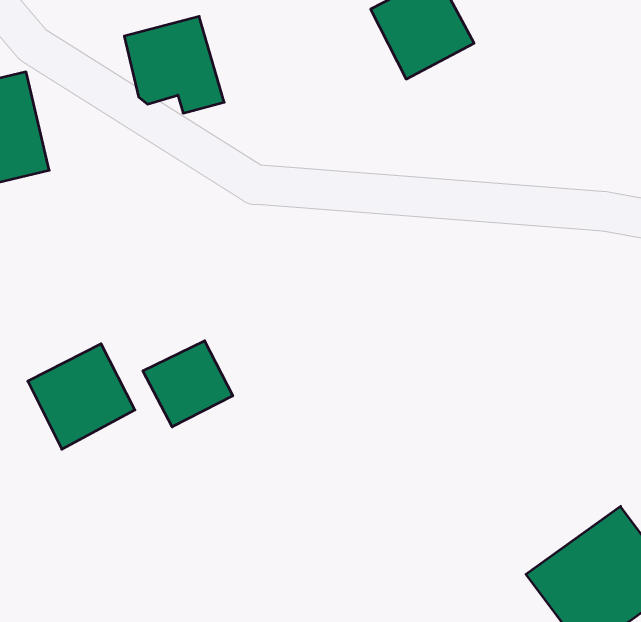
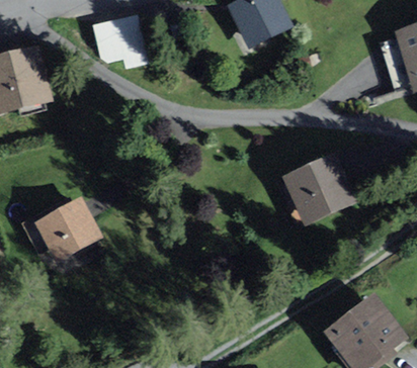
building: none -> [284,155,353,219]
building: [143,341,233,427] -> none

